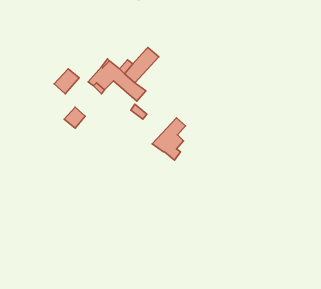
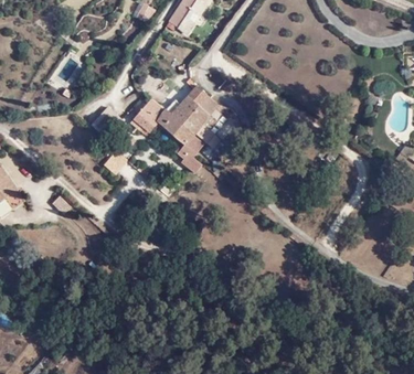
building: [152,118,186,160] -> [182,95,219,141]

